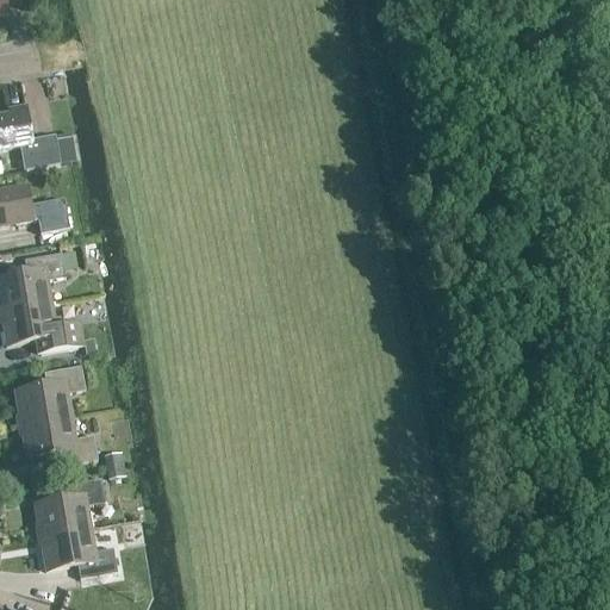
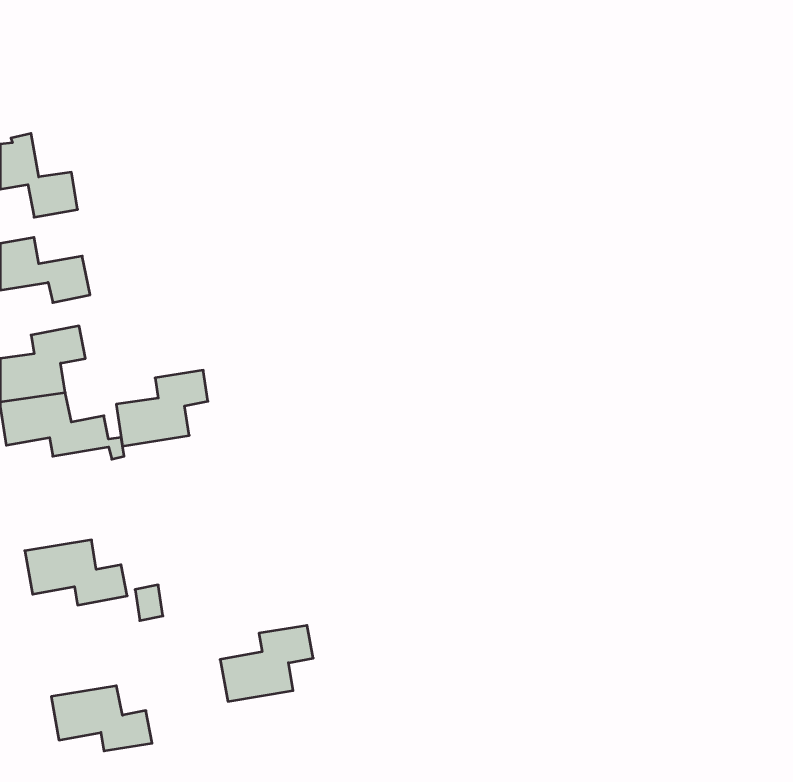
building: [14,365,85,423] -> [116,370,208,446]
building: [33,477,105,535] -> [220,625,313,701]

